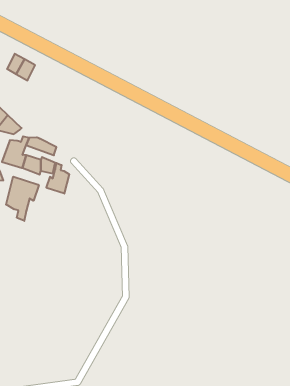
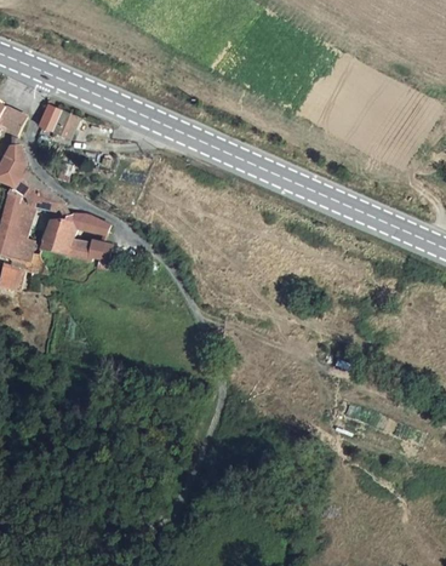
building: [46,163,69,194] -> none
building: [6,177,39,221] -> none

